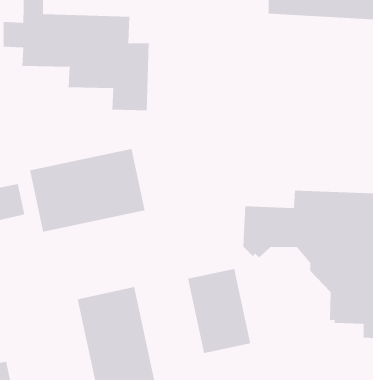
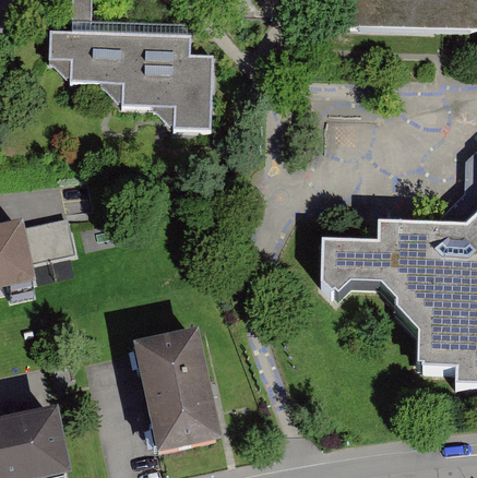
building: [29,148,145,232] -> none
building: [188,268,251,354] -> none

